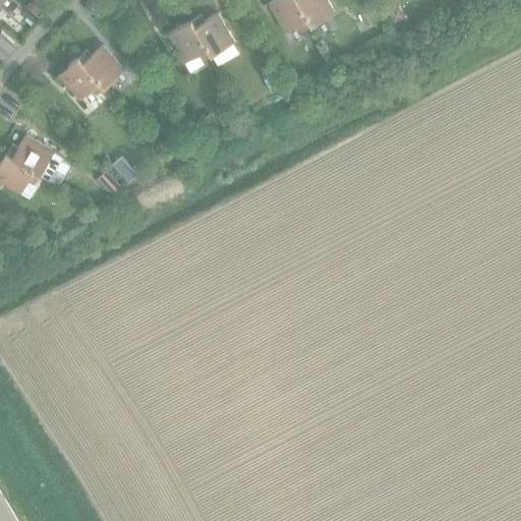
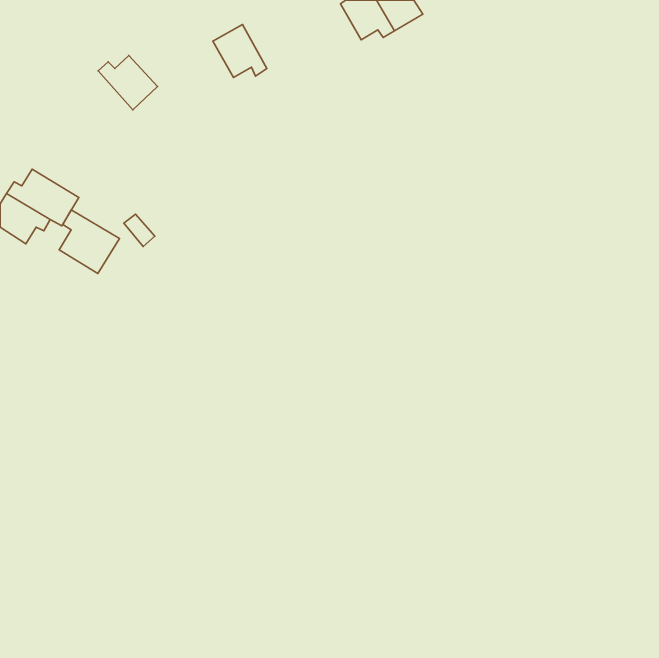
building: [191,13,234,55] -> none
building: [58,57,105,99] -> none
building: none -> [59,210,119,273]

